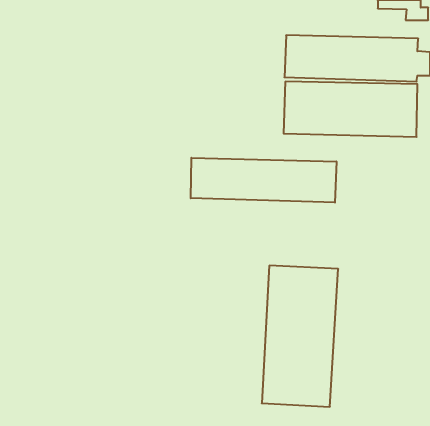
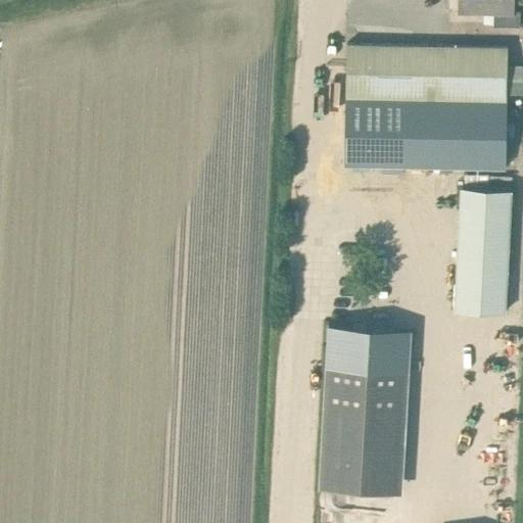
building: none -> [460,187,512,311]
building: [191,158,336,203] -> none

